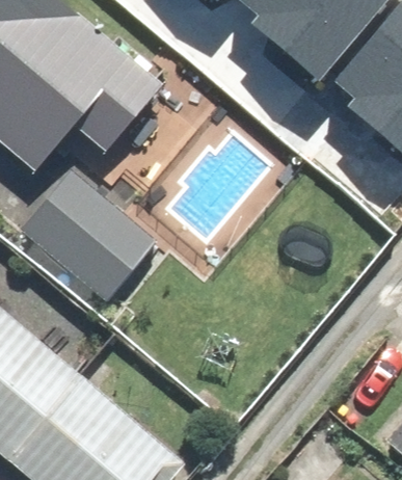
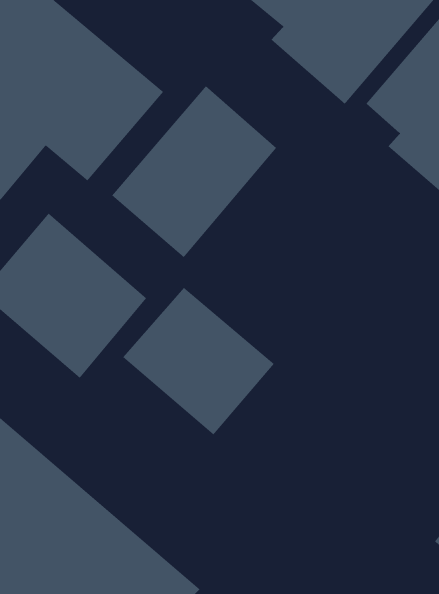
building: none -> [111,85,277,258]
building: none -> [122,287,275,435]

